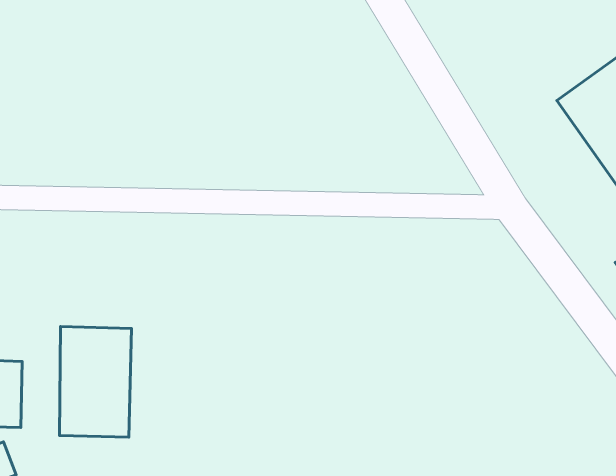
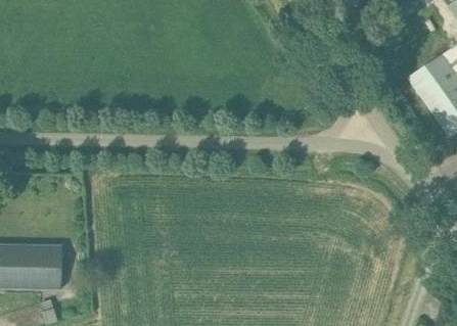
building: [60,327,131,437] -> none

